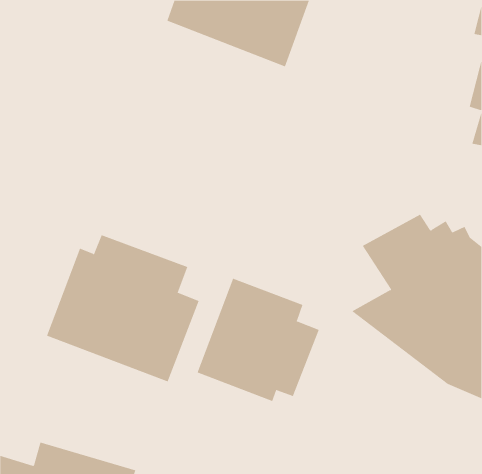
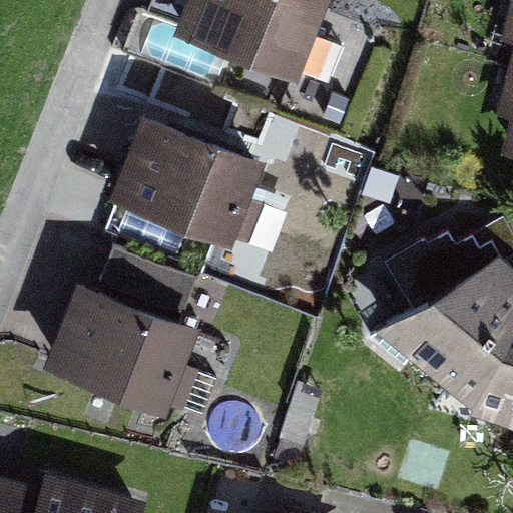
building: none -> [112,118,271,250]
building: [197,278,319,402] -> none

